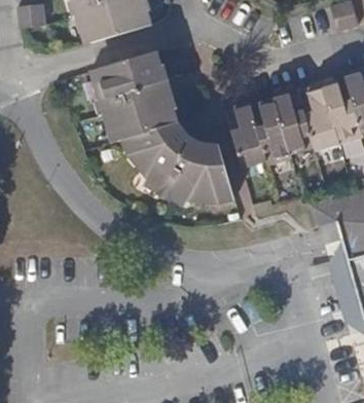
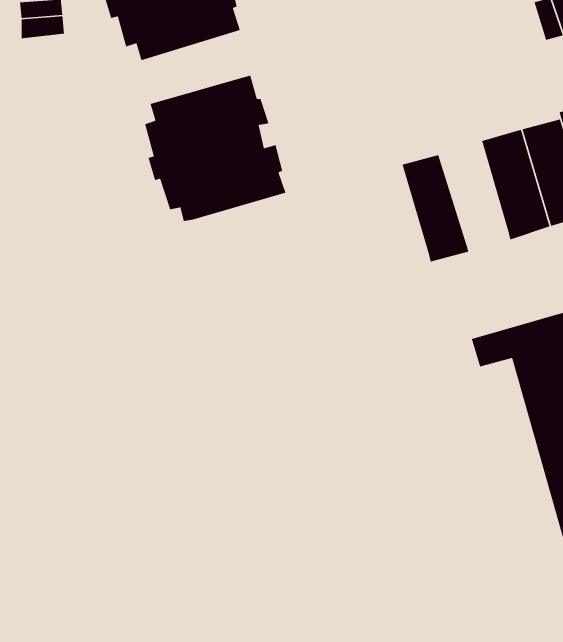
building: [272,87,316,155] -> none
building: [225,101,267,169] -> none
building: [124,123,236,206] -> none

